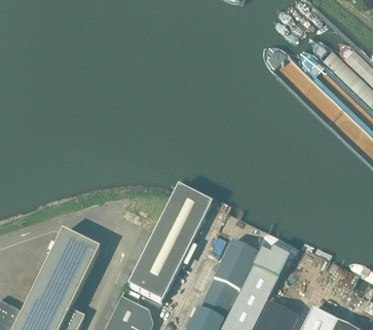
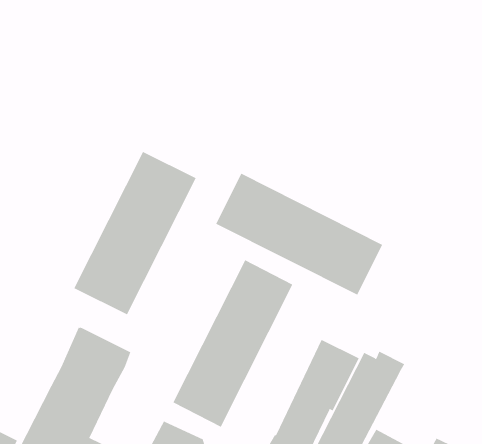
building: none -> [73,151,196,315]
building: none -> [216,173,383,296]

